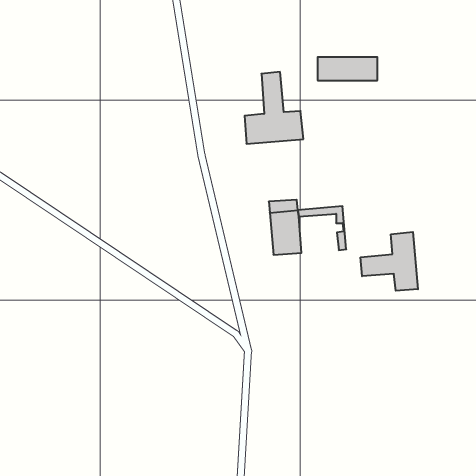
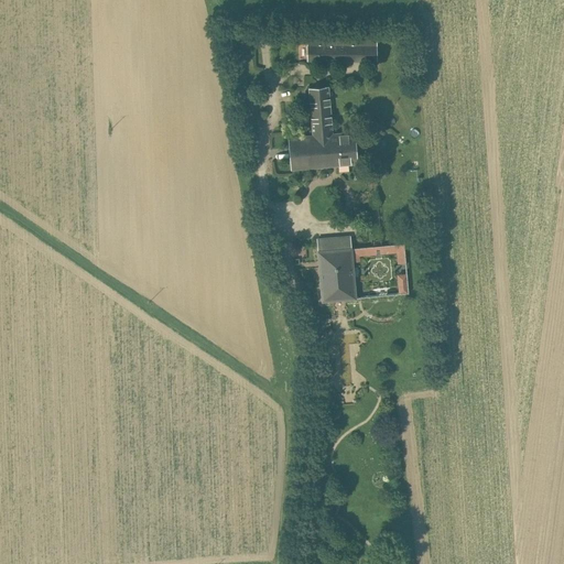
building: [318,57,377,80] -> [306,33,377,61]
building: [361,232,418,291] -> none

